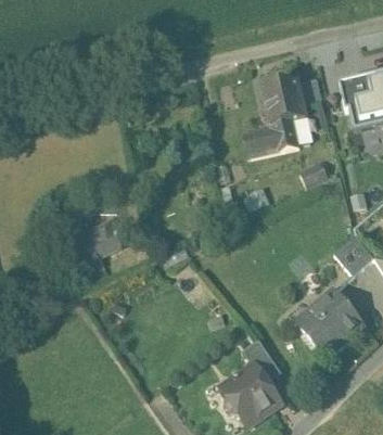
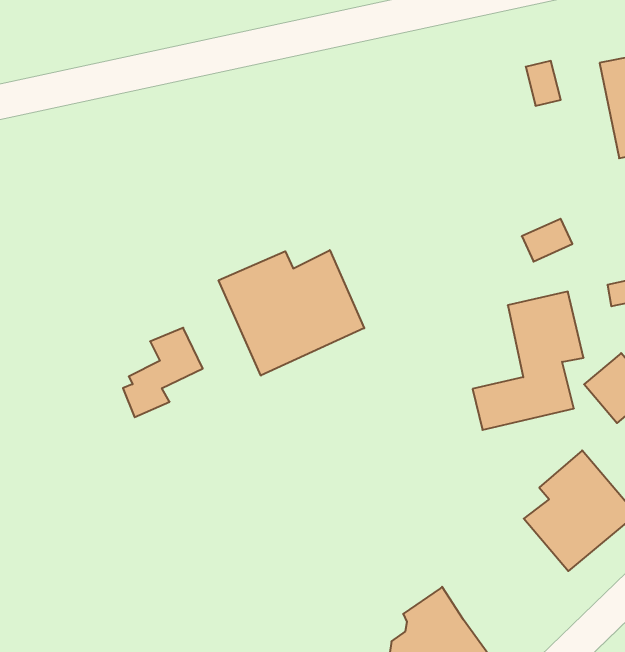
building: [242,77,304,154] -> [473,292,584,430]
building: none -> [219,250,364,376]
building: [243,342,281,384] -> none

